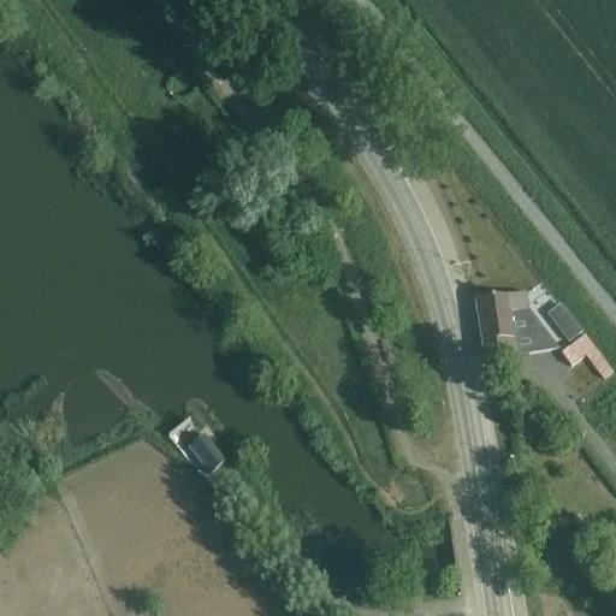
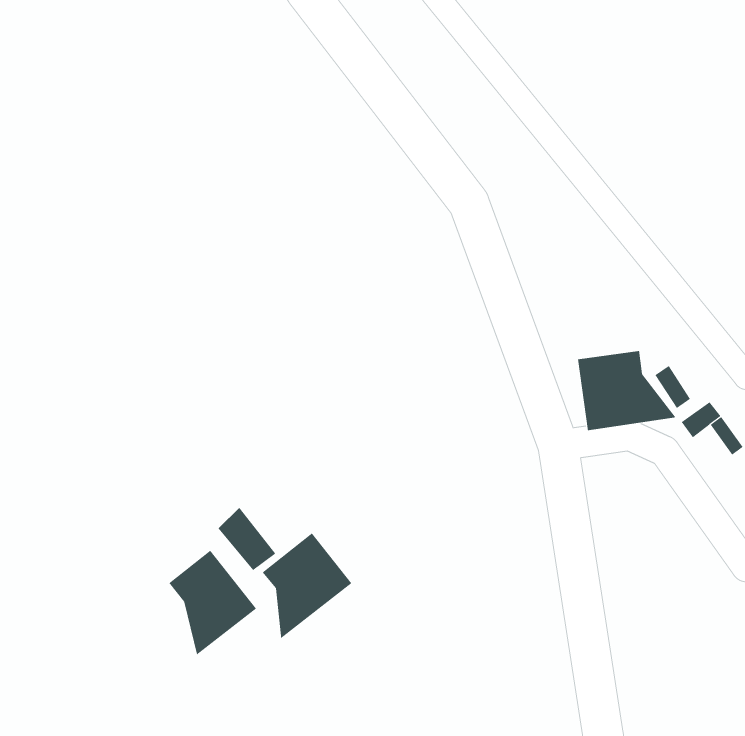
building: none -> [262,533,352,639]
building: none -> [168,550,257,656]

